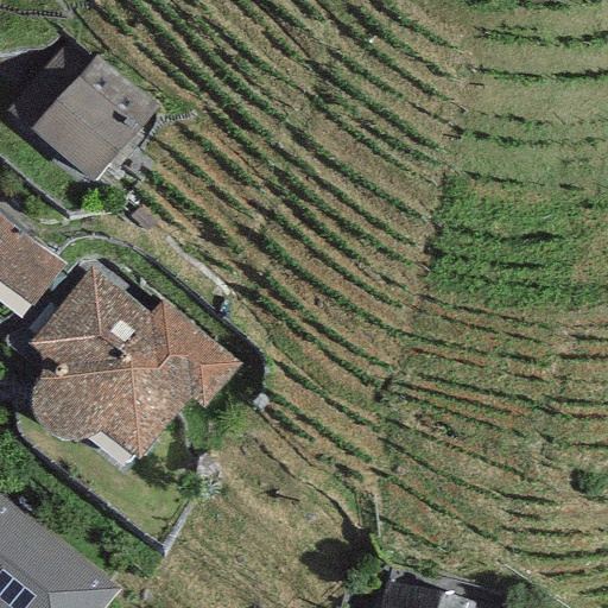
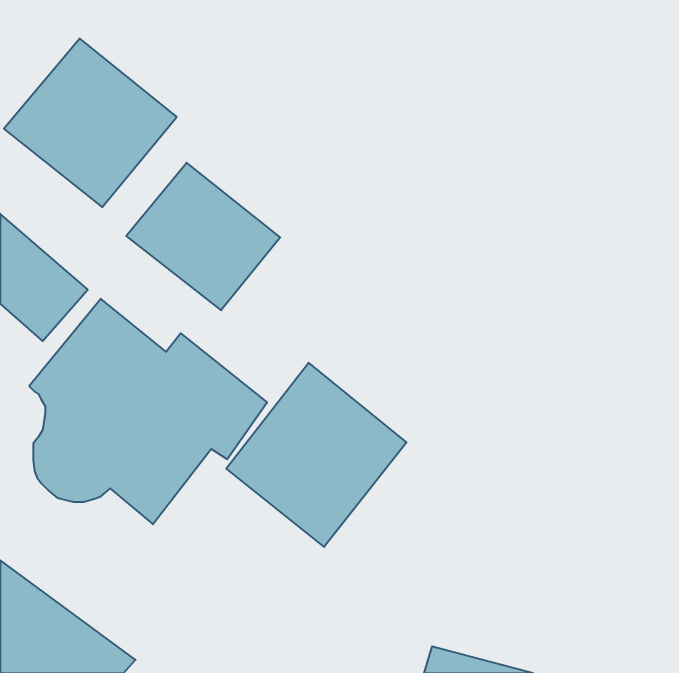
building: none -> [126,163,280,310]
building: none -> [226,363,406,547]

